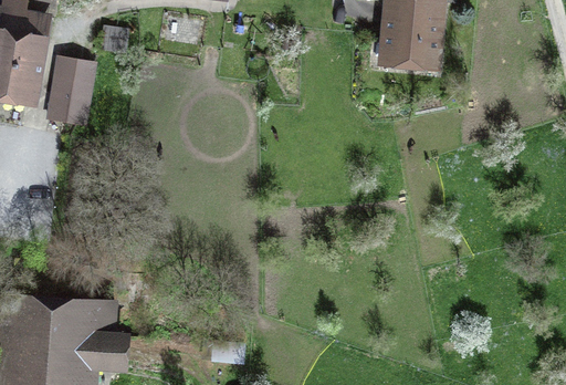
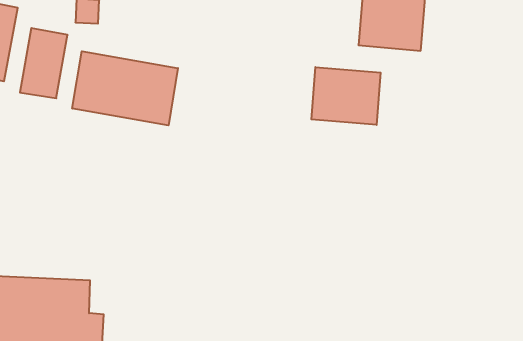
building: none -> [72,51,178,125]
building: none -> [311,67,381,125]

